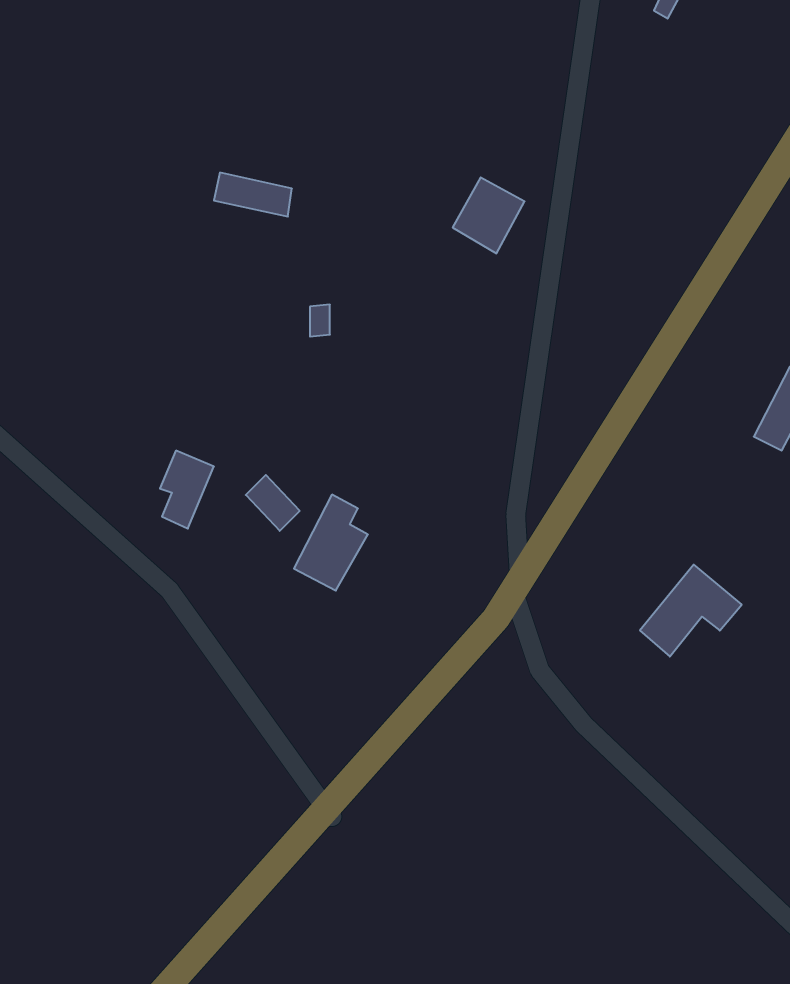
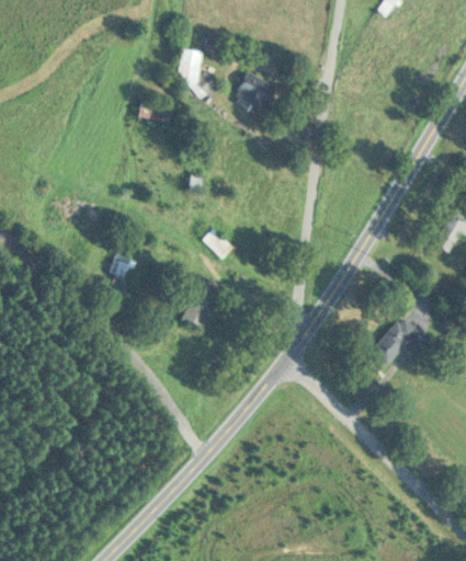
building: none -> [175,49,217,93]
building: [453,177,525,253] -> [232,73,272,115]
building: [246,475,300,531] -> [202,229,231,260]

